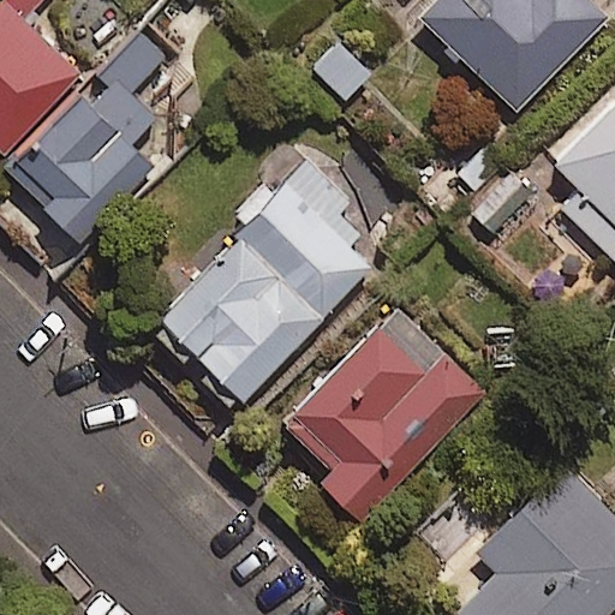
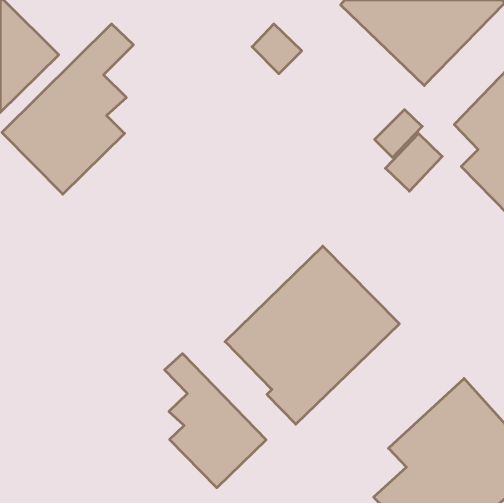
building: [143,160,372,413] -> none
building: none -> [165,354,266,488]

